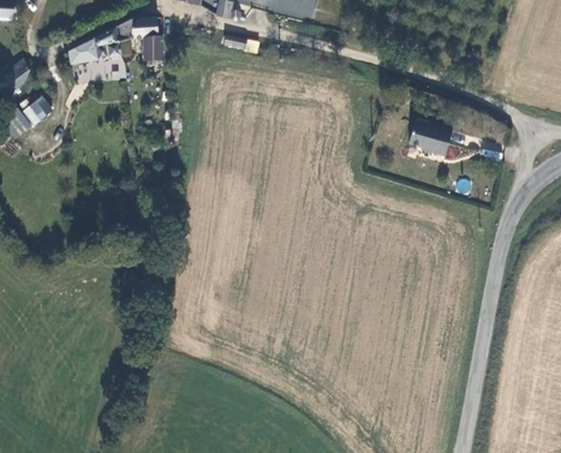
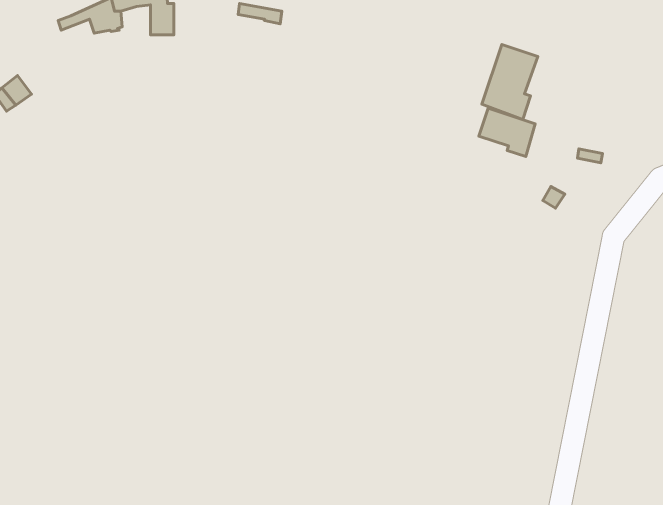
building: none -> [482,44,538,120]

